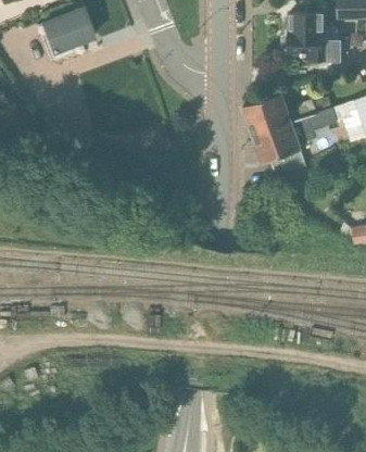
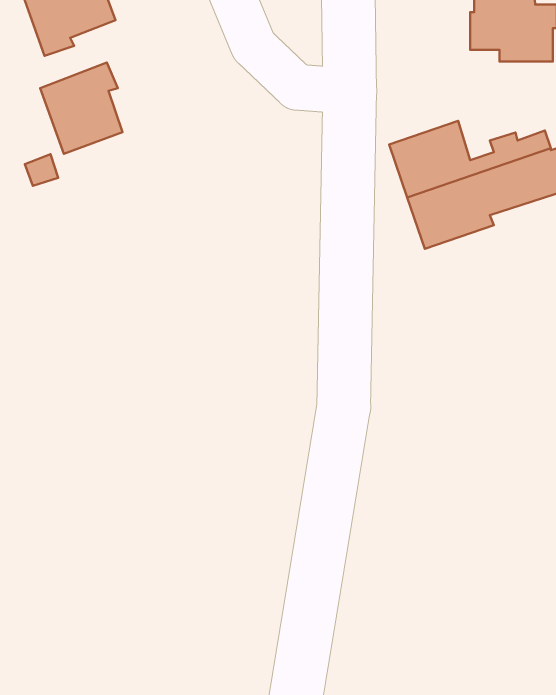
building: none -> [40,62,123,154]

